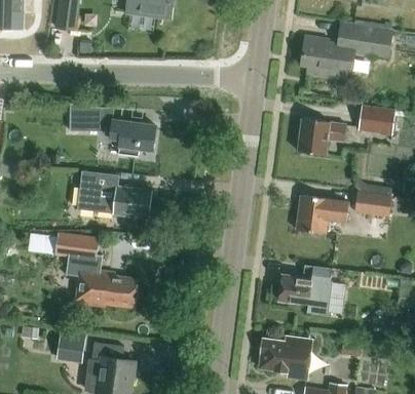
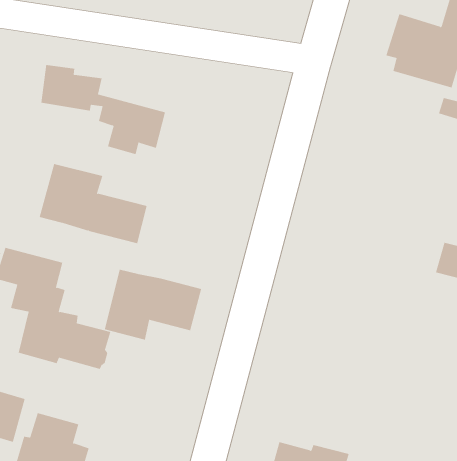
building: [297,119,345,155] -> none
building: [295,196,348,235] -> none
building: none -> [104,269,202,340]
building: [277,266,331,314] -> none

